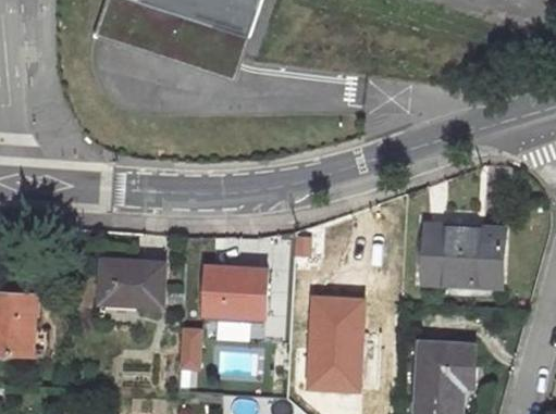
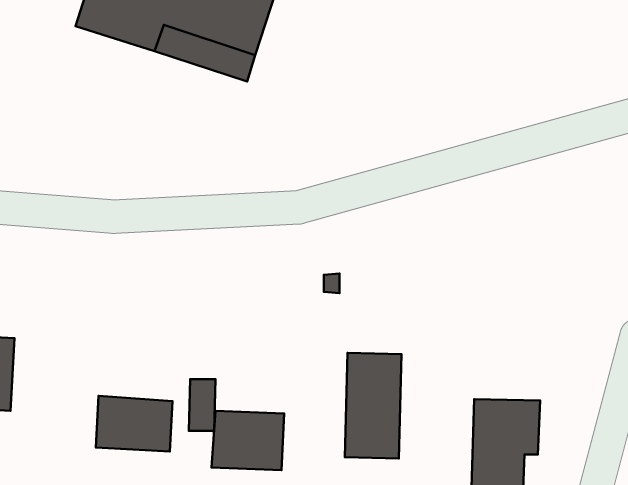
building: [423,224,501,283] -> none
building: [97,255,160,301] -> [96,396,173,452]
building: [206,269,265,318] -> [212,411,284,470]

